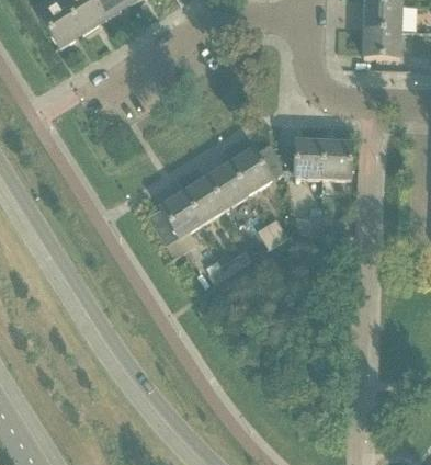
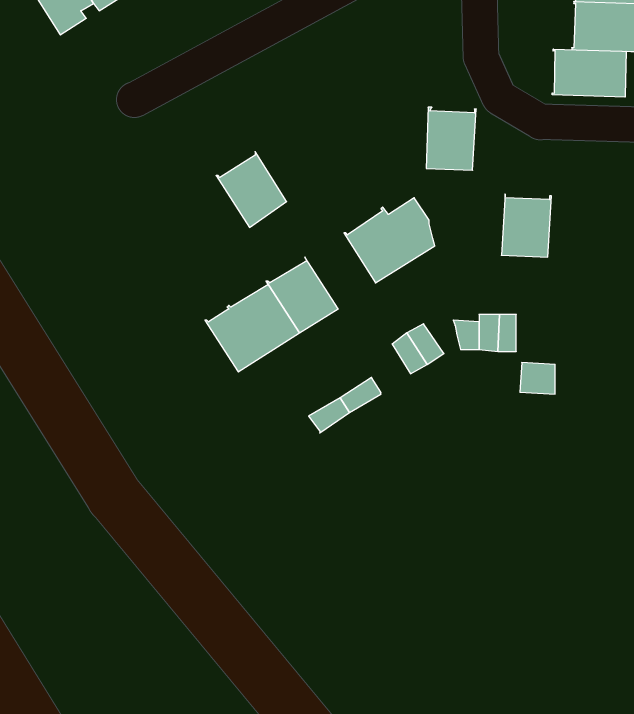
building: none -> [552,49,626,97]
building: [294,138,324,175] -> [426,107,476,170]
building: [205,162,247,207] -> [216,152,287,227]

